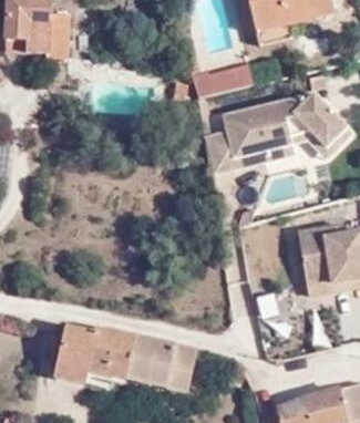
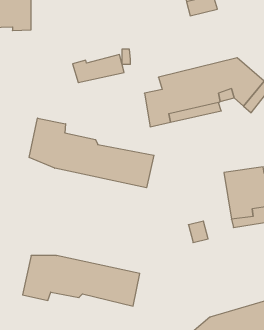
building: [189,61,250,94] -> [73,55,124,83]
building: none -> [29,118,154,188]

